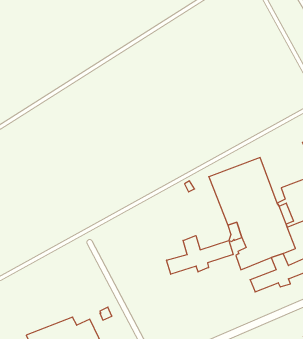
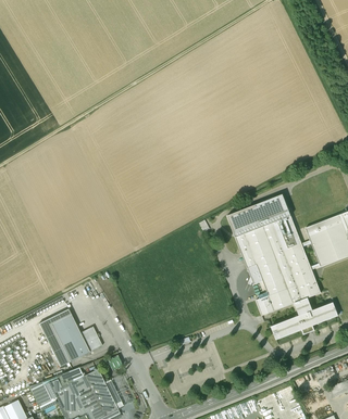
building: [167,236,233,274] -> none
building: none -> [40,309,102,367]

